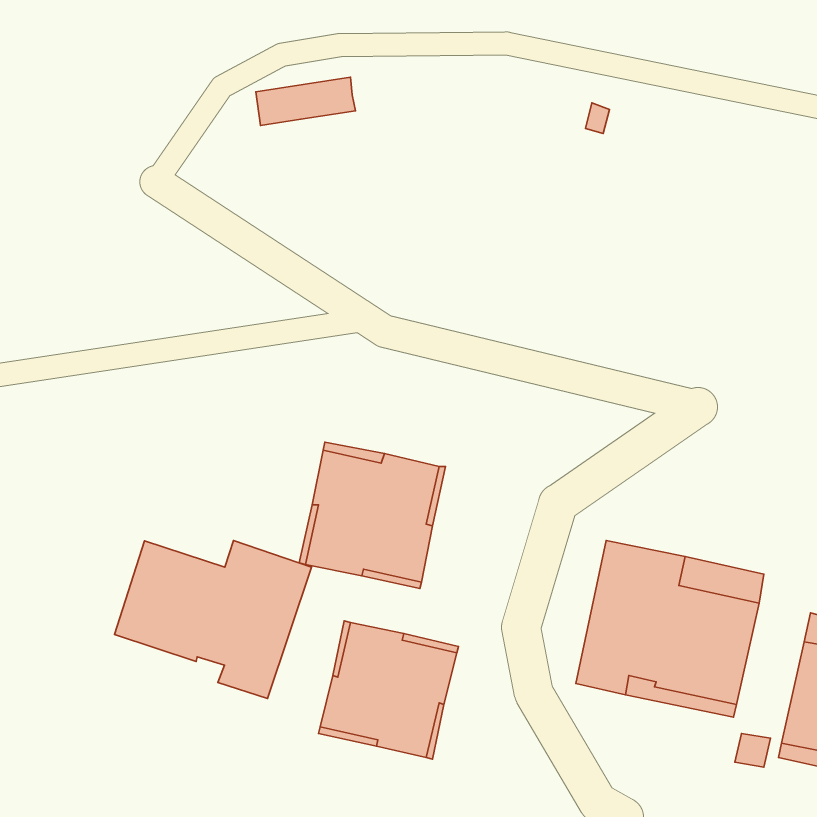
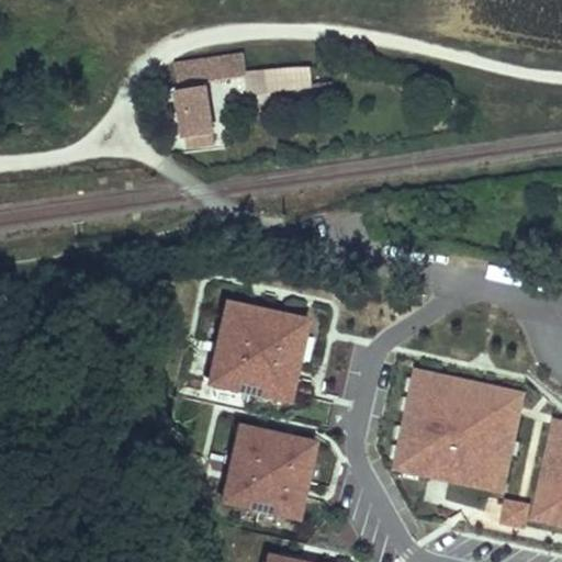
building: none -> [244,60,314,92]
building: none -> [181,81,217,145]
building: [114,540,311,699] -> none

